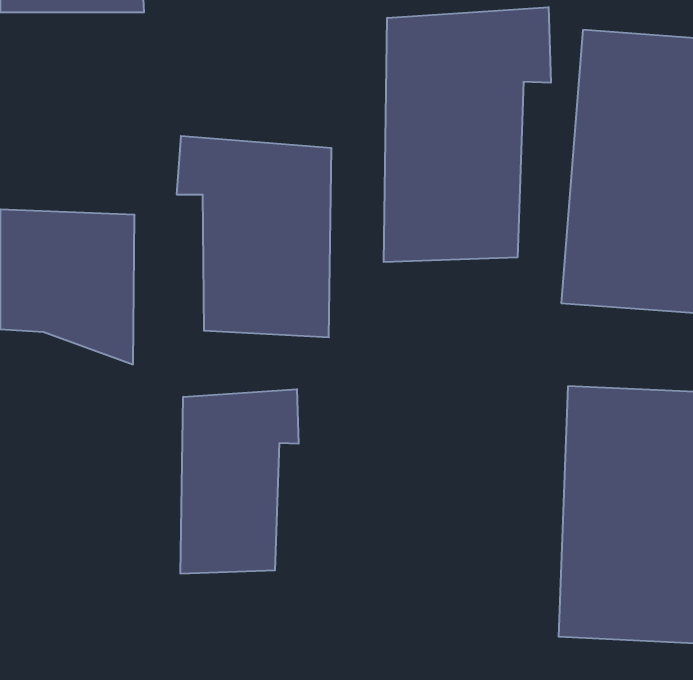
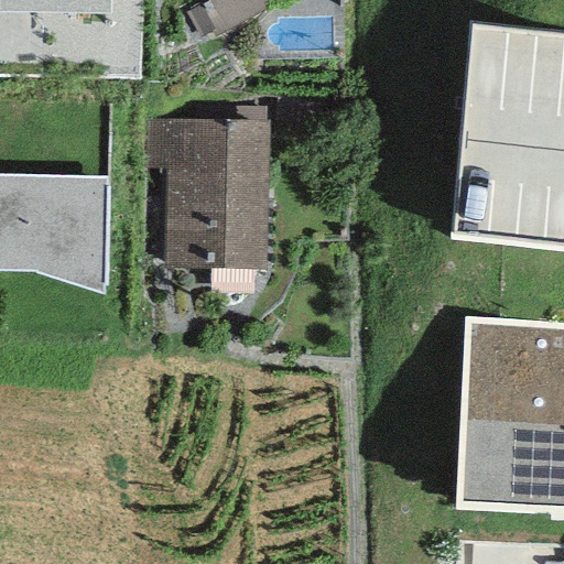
building: [384,7,551,262] -> none
building: [181,389,299,574] -> none

